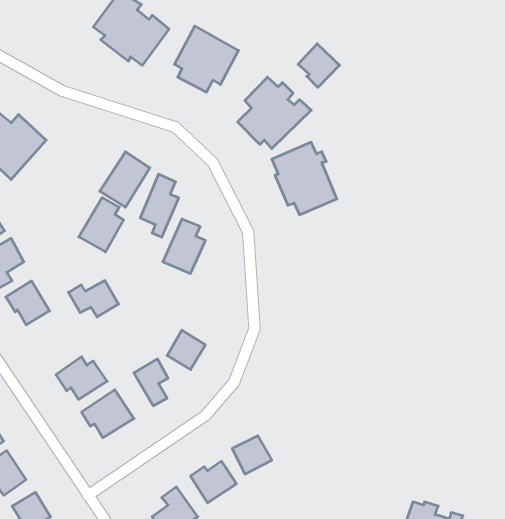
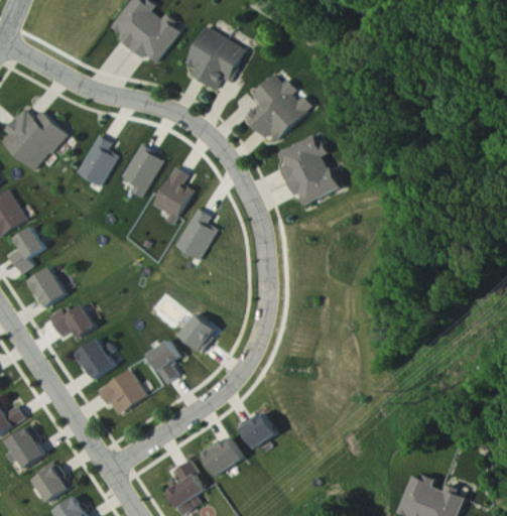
building: [298,44,340,87] -> none
building: [79,198,124,252] -> [74,135,116,186]
building: [68,281,119,317] -> [49,305,97,340]

